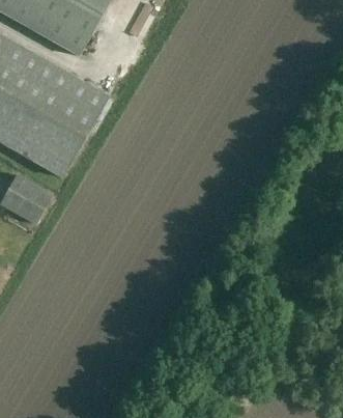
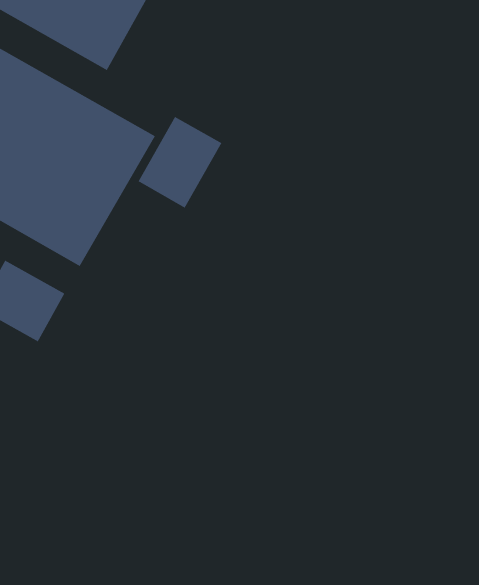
building: none -> [138,116,222,208]

